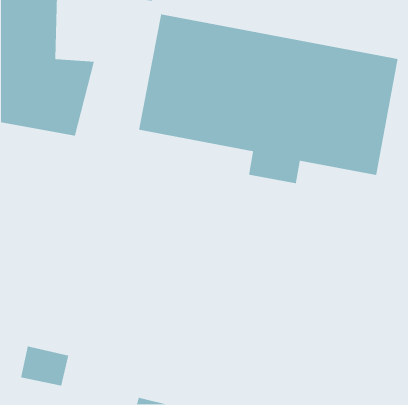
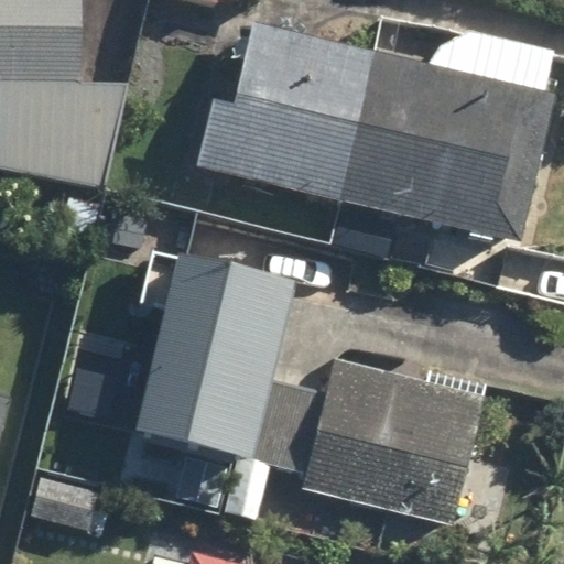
building: none -> [141,254,289,460]
building: none -> [305,358,481,523]

